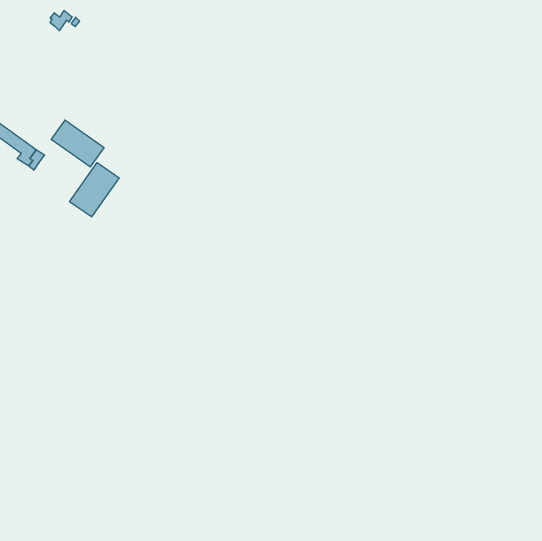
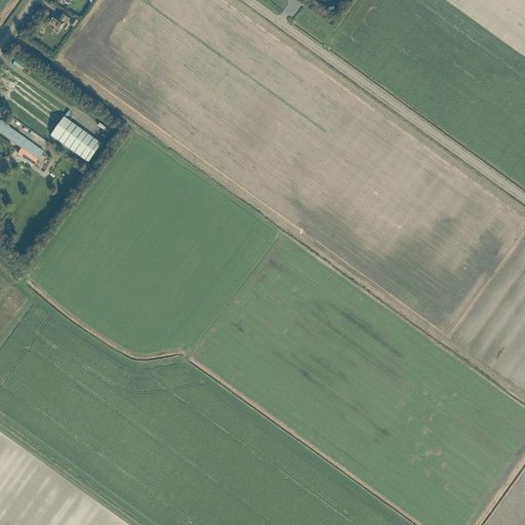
building: [70,163,119,217] -> none

